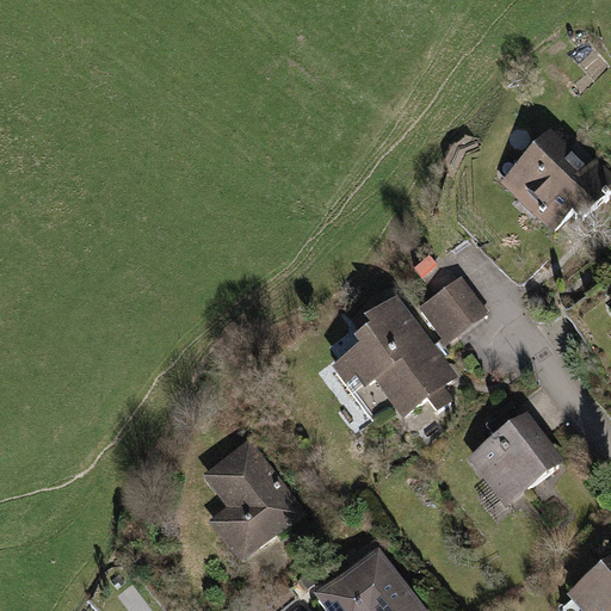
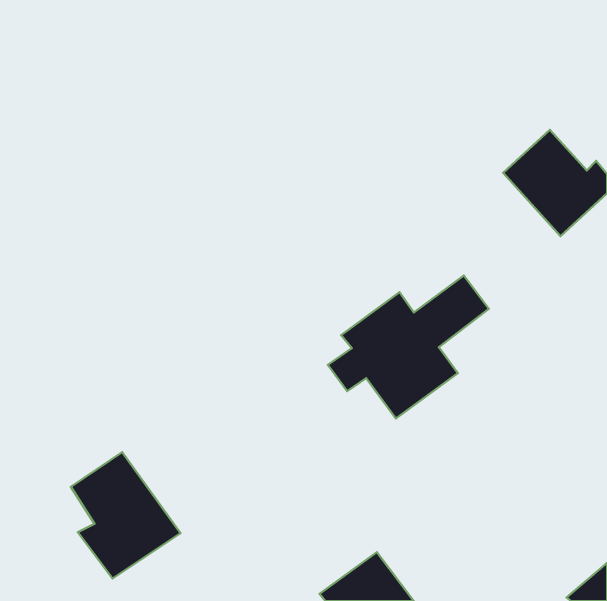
building: [469,411,563,502] -> none
building: [196,436,306,562] -> [71,452,181,579]

